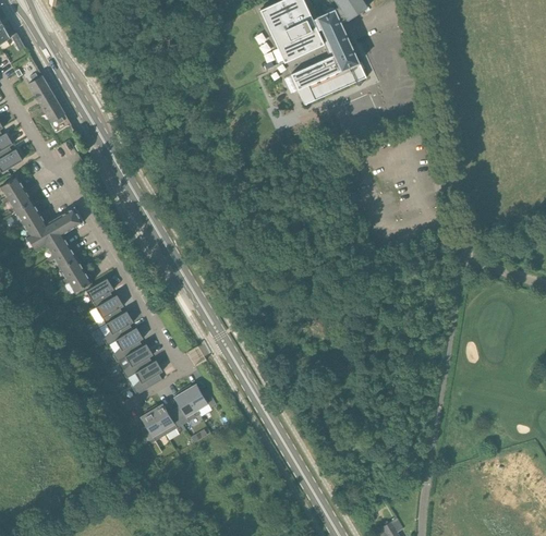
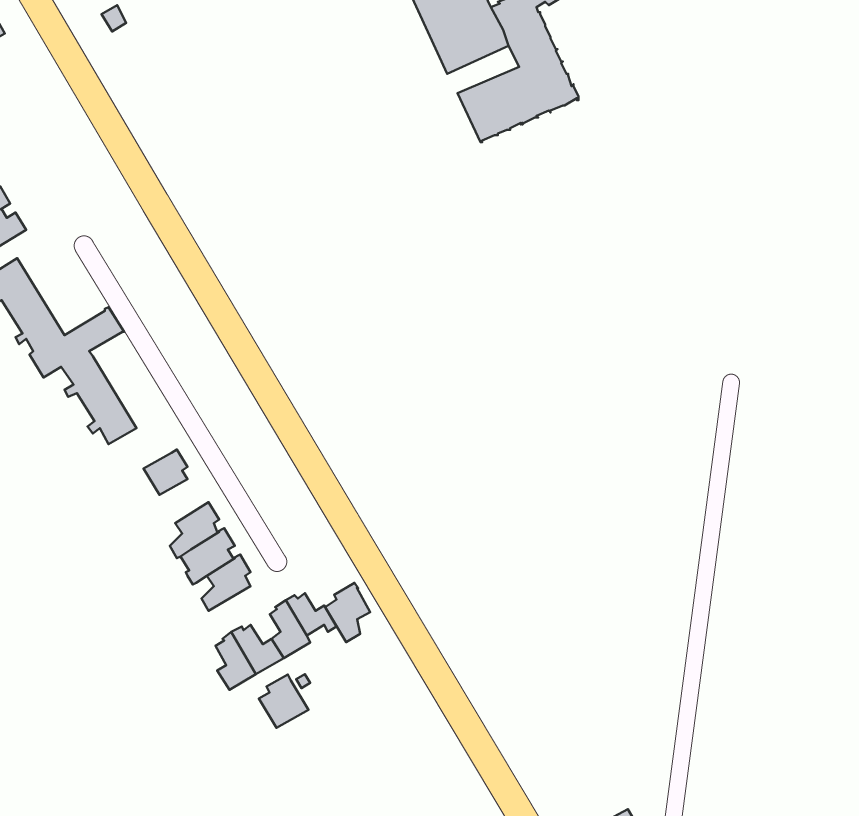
building: [28,73,65,124] -> none
building: [86,279,113,307] -> none
building: [102,312,133,346] -> none
building: none -> [325,583,370,642]
building: none -> [259,674,308,728]

